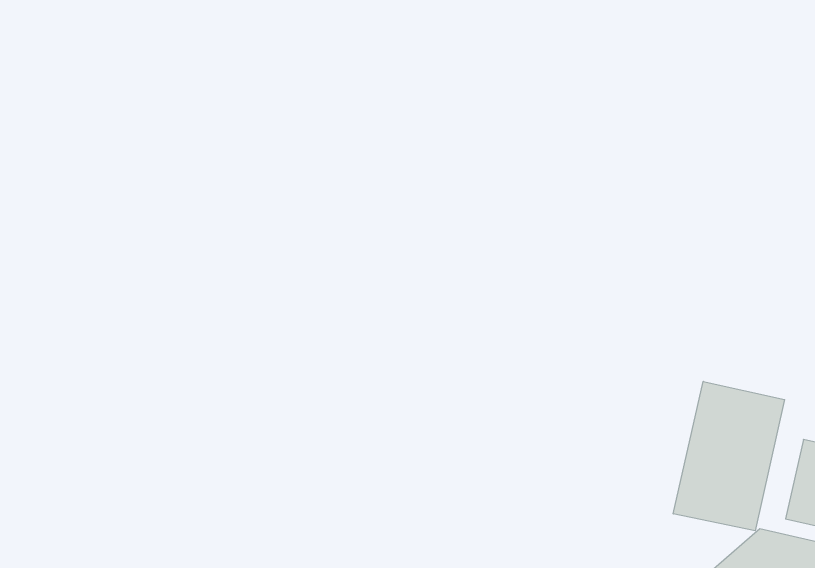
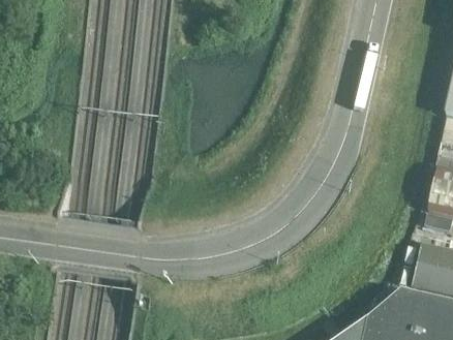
building: [673,381,785,531] -> none

